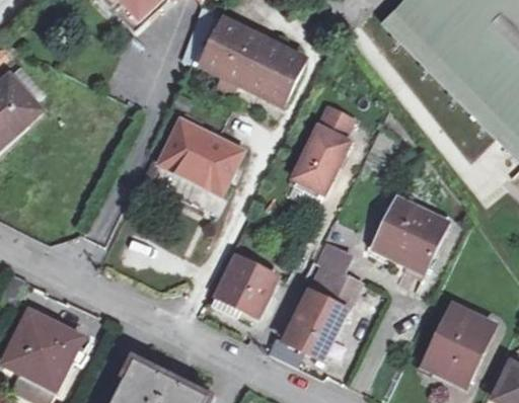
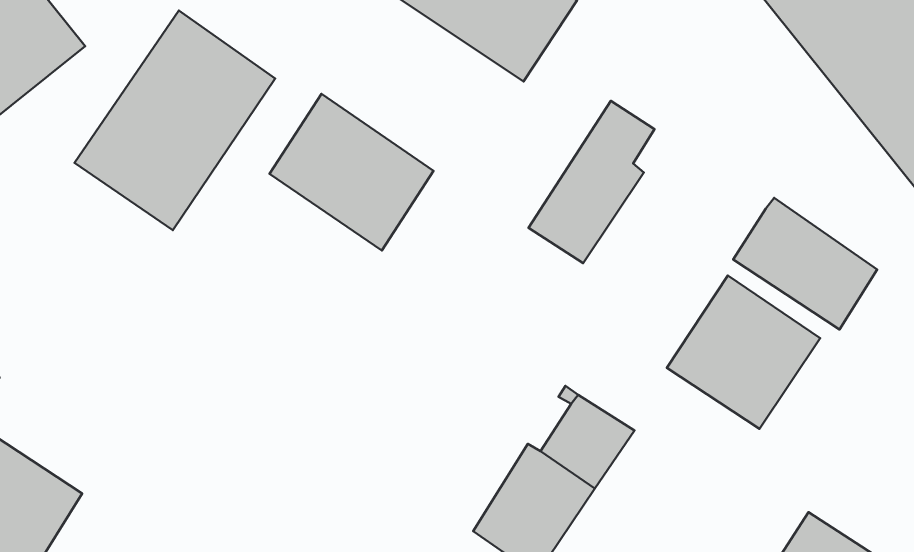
building: none -> [75,11,275,230]
building: none -> [733,198,877,329]
building: [209,242,282,315] -> none

